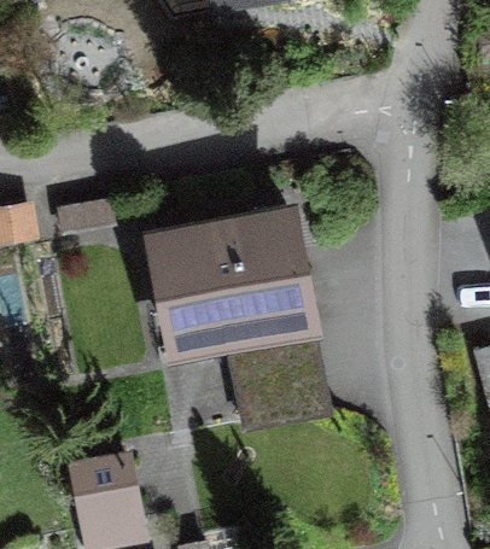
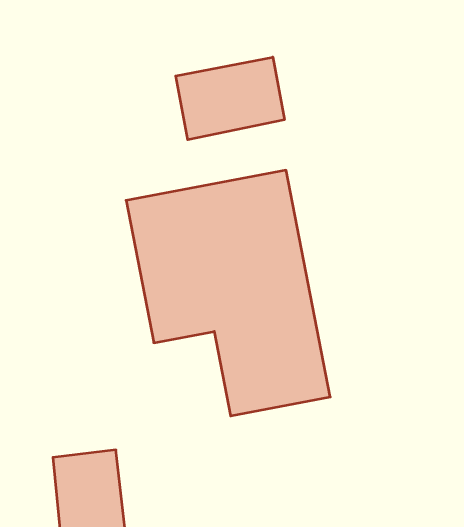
building: none -> [176,57,284,140]

